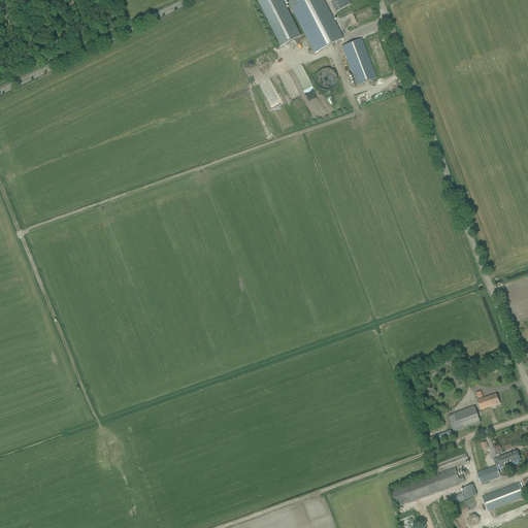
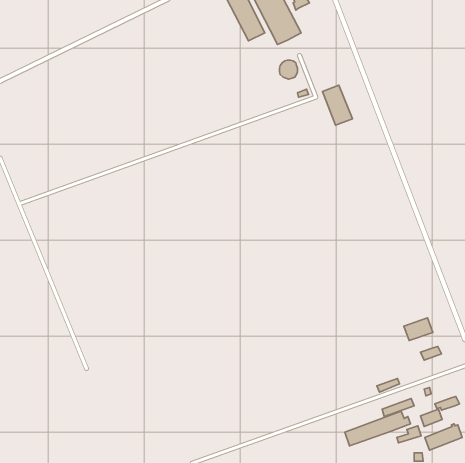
building: [342,38,376,84] -> [323,85,353,125]
building: [448,405,481,431] -> [404,318,433,341]

